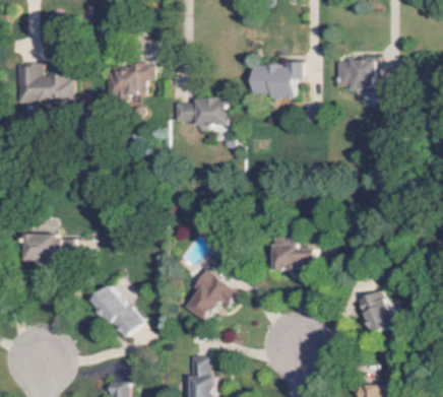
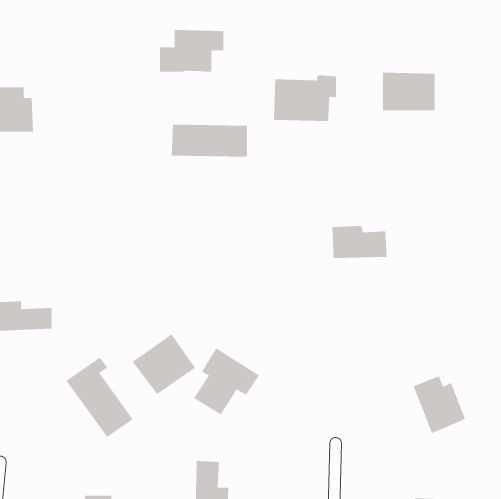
building: [99,63,148,95] -> [159,30,224,72]
building: [273,244,316,269] -> [332,225,387,259]
building: none -> [132,334,196,395]

